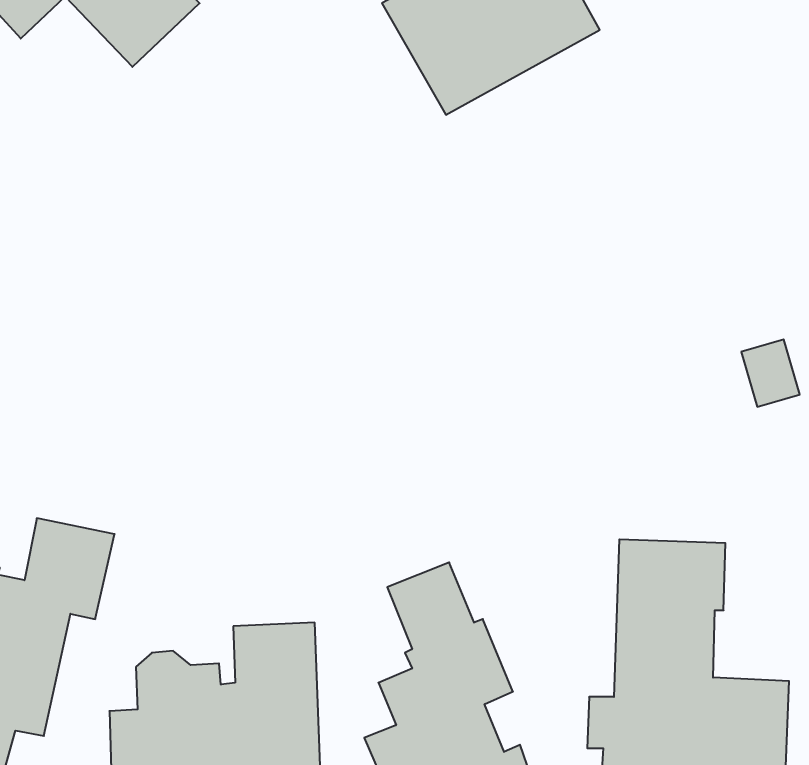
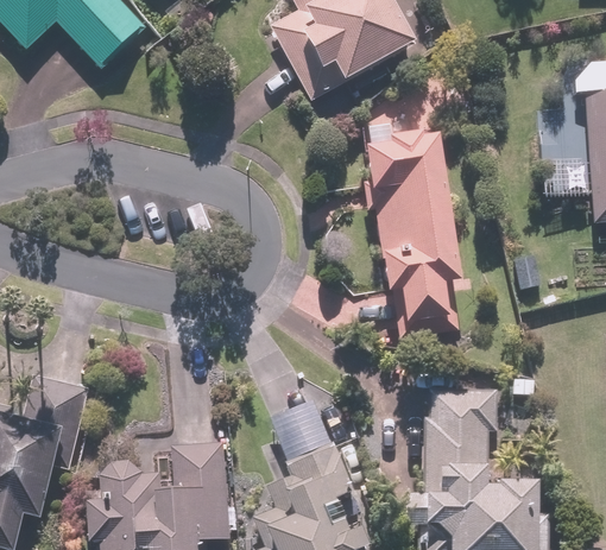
building: none -> [362,121,460,342]

